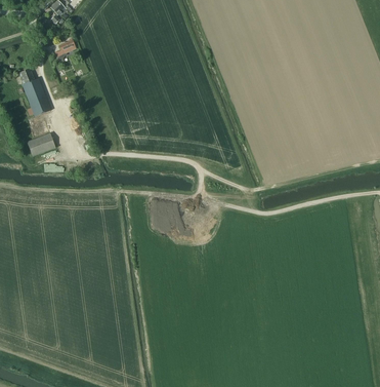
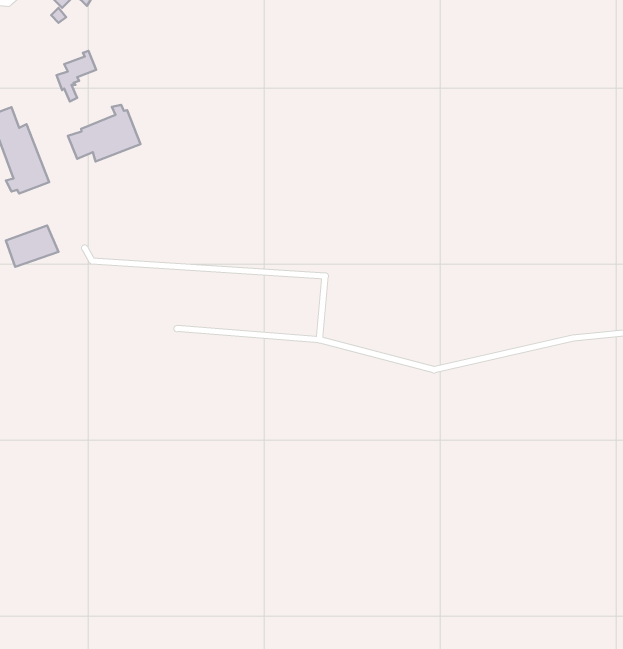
building: none -> [68,105,140,161]

